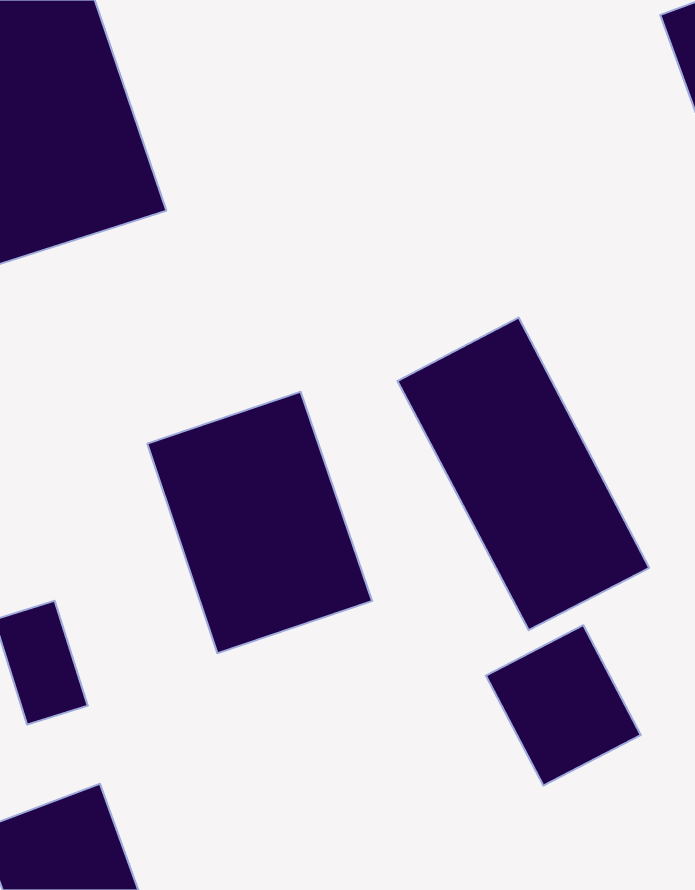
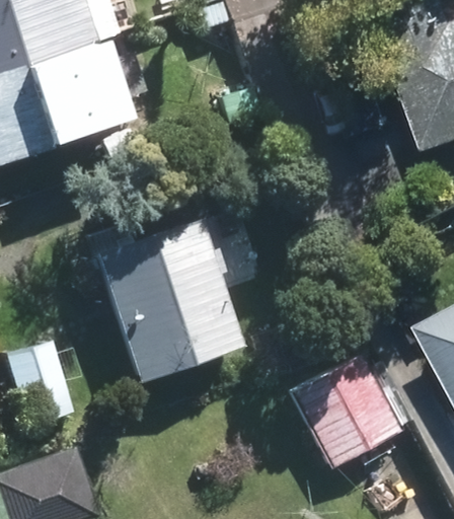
building: [397,317,649,630] -> none

